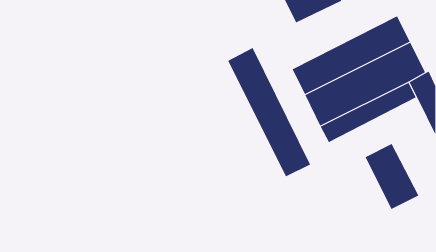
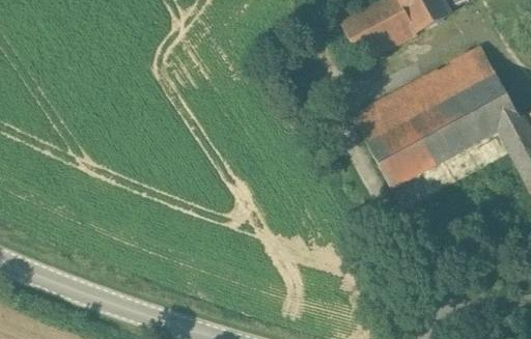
building: [227,47,311,177] -> none
building: [365,143,419,210] -> none

